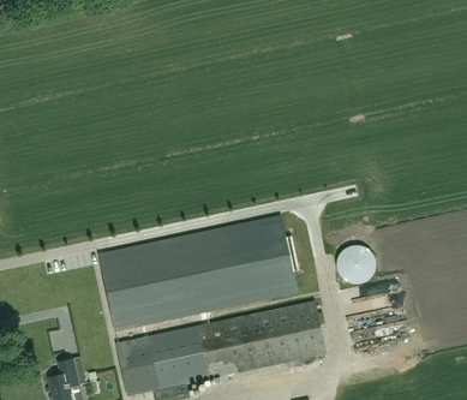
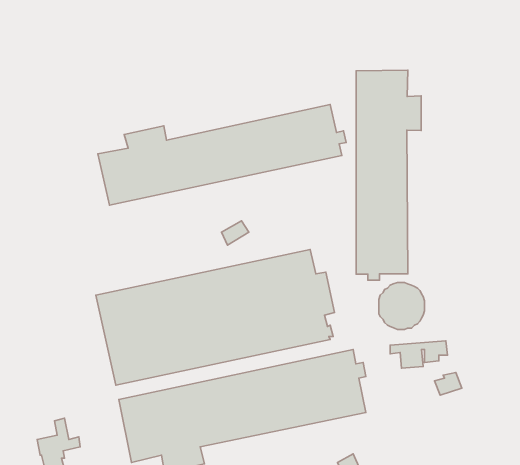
building: none -> [356,70,421,280]
building: none -> [98,104,346,205]

